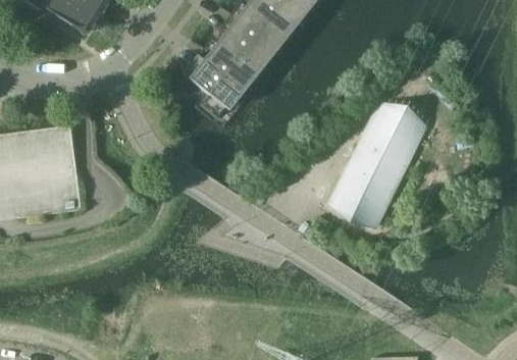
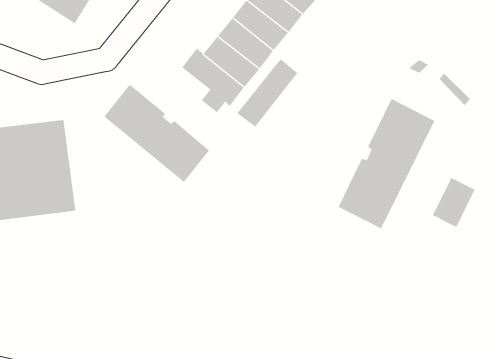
building: none -> [237,59,298,127]
building: none -> [103,84,210,183]
building: none -> [432,177,475,228]

